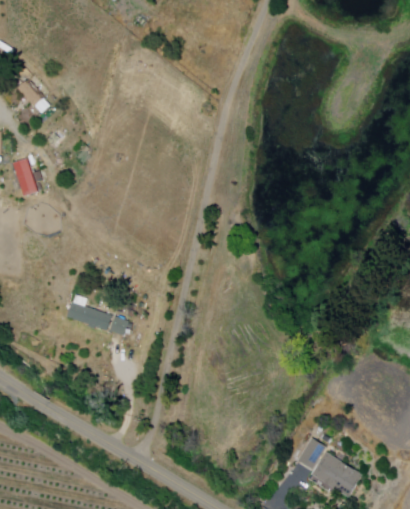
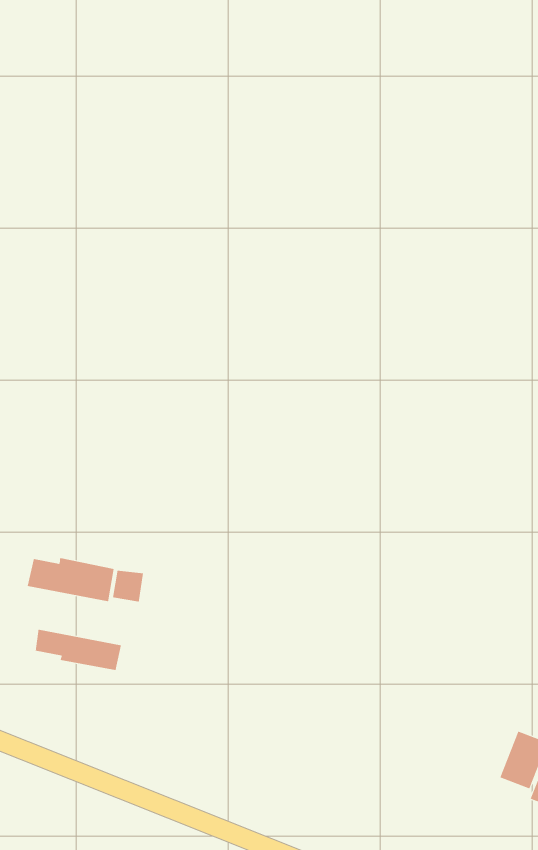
building: none -> [35,629,122,671]

